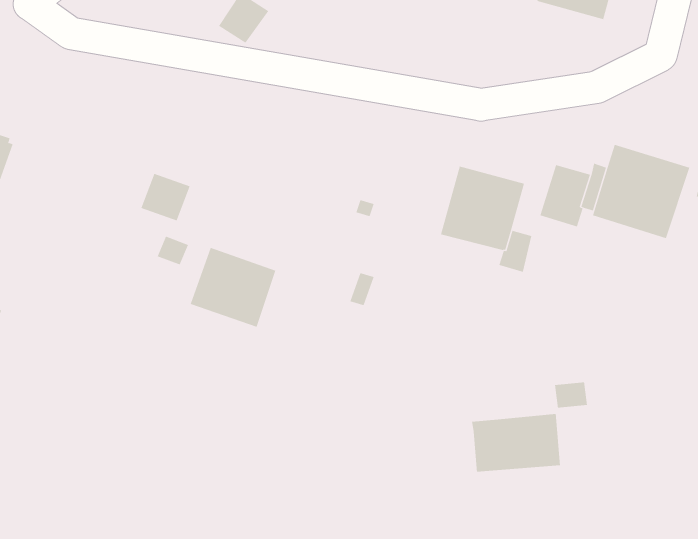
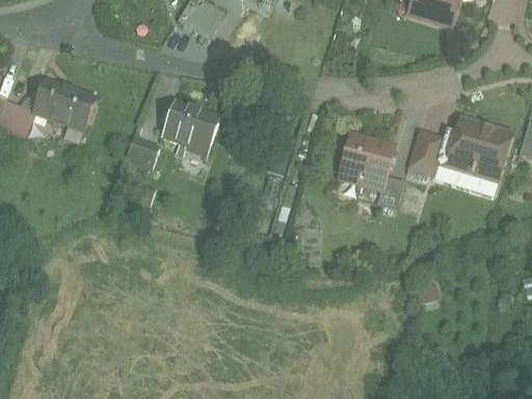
building: none -> [29,76,94,132]
building: [190,247,276,327] -> [158,100,219,157]
building: [471,413,561,473] -> none

